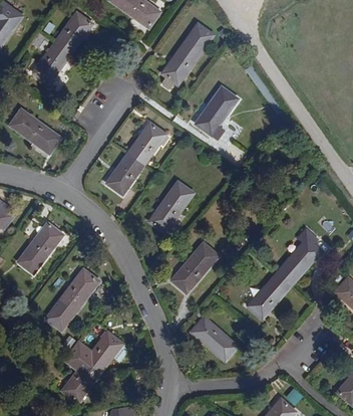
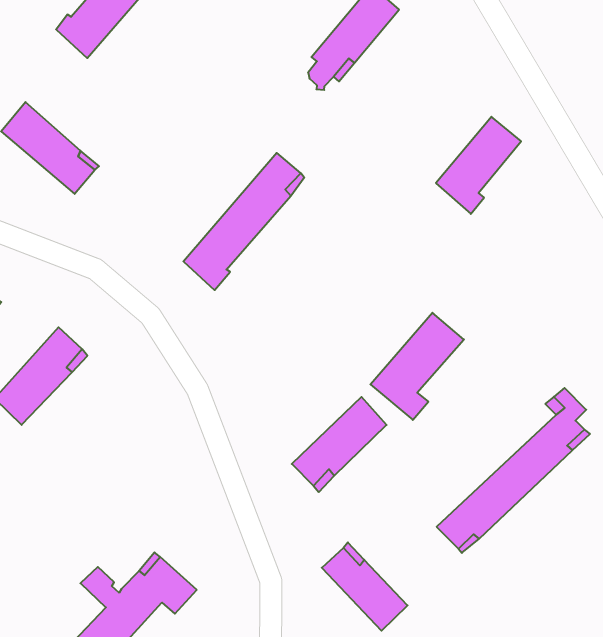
building: [196,86,237,137] -> [436,117,521,214]
building: [148,181,194,236] -> [370,313,464,420]
building: [46,267,99,330] -> none

